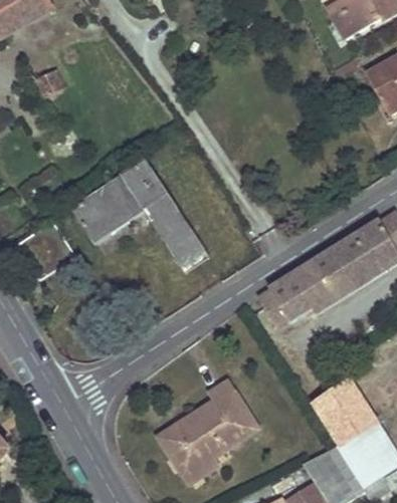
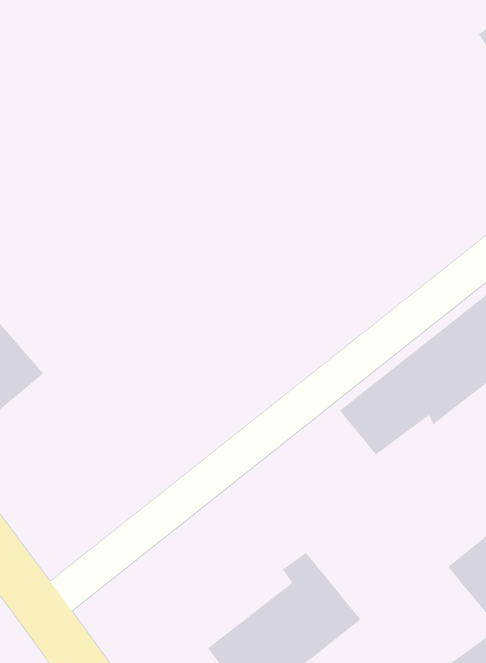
building: [72,161,208,270] -> none

